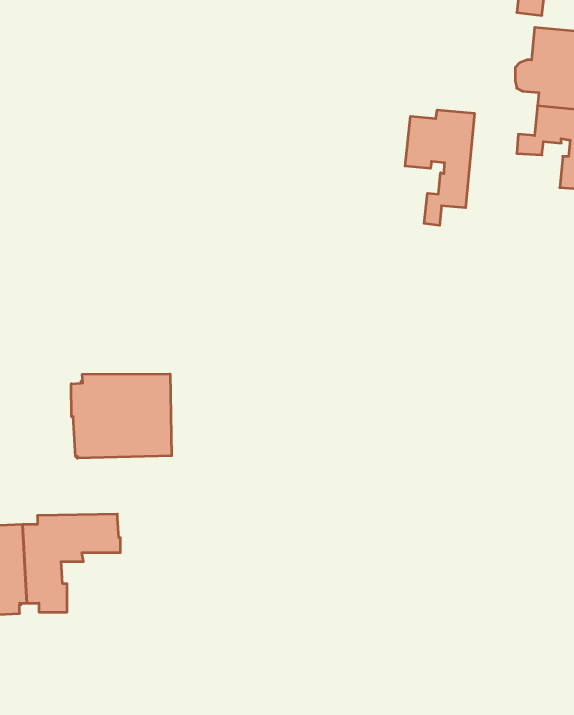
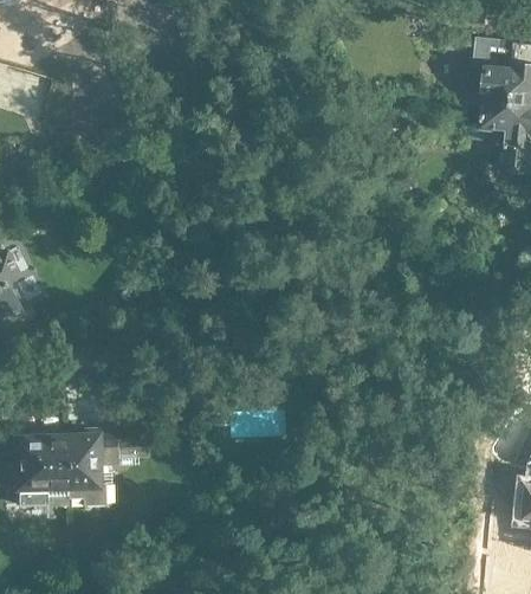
building: [405,110,474,225] -> none
building: [71,374,172,458] -> none

